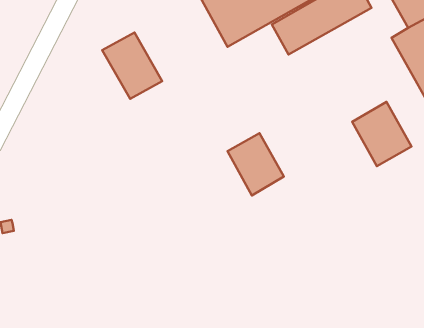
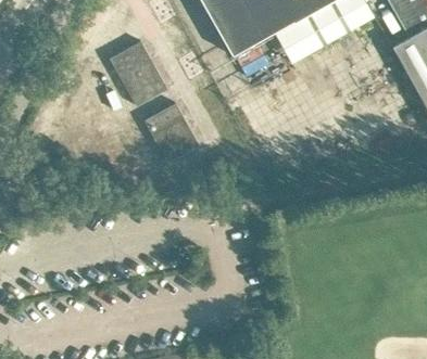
building: [352,102,411,166] -> none
building: [227,133,284,195] -> [143,99,199,159]

